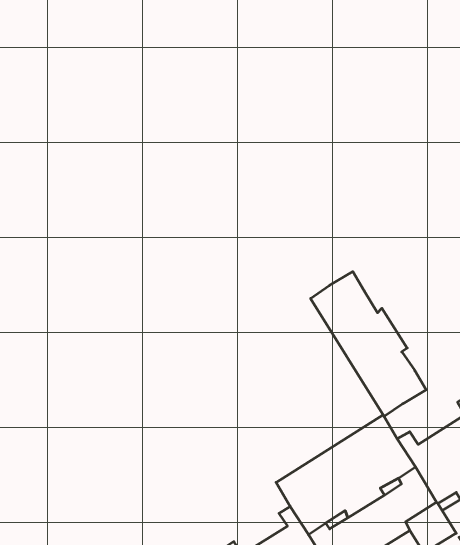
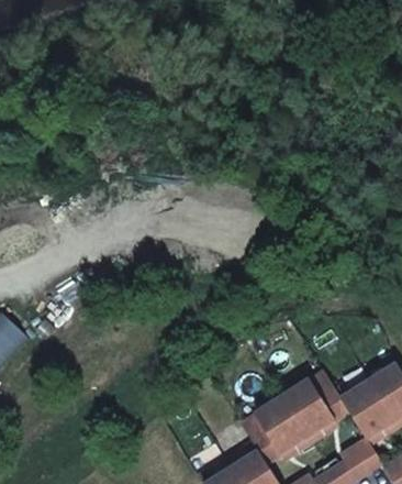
building: [311,272,426,417] -> none

